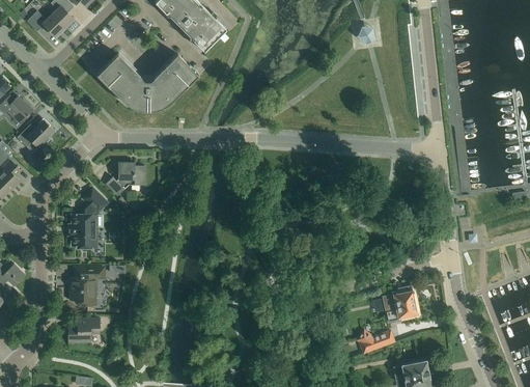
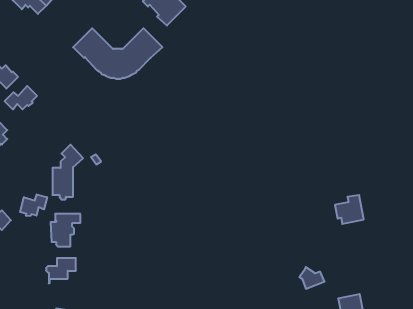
building: [105,163,144,196] -> none
building: none -> [20,194,47,216]
building: [383,285,416,319] -> [335,195,364,224]

